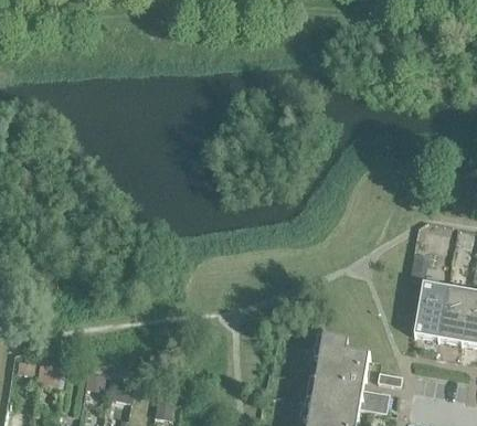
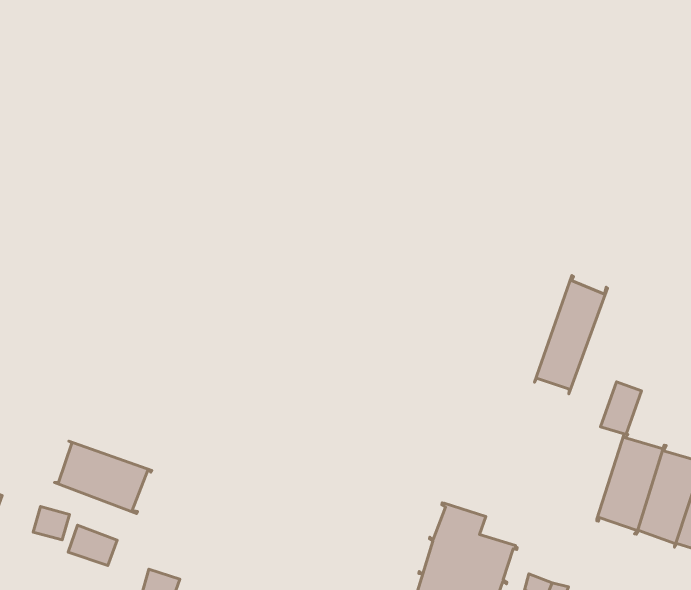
building: none -> [534,276,608,394]
building: none -> [55,441,152,513]

